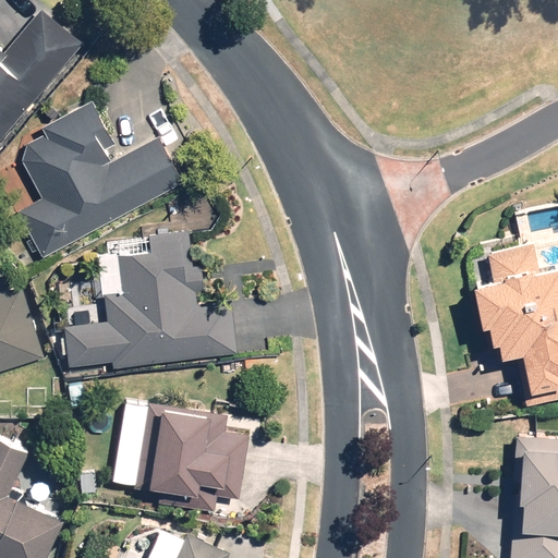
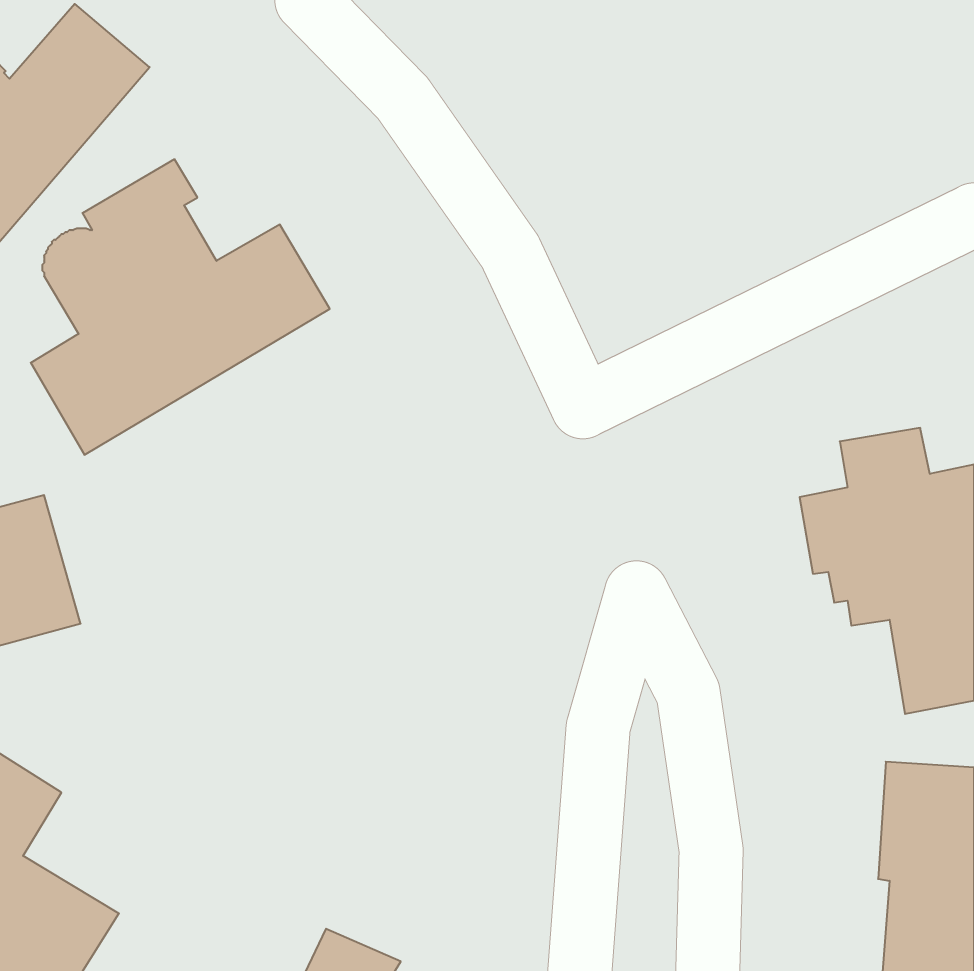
building: [70,238,238,367] -> none
building: [137,401,248,497] -> none

